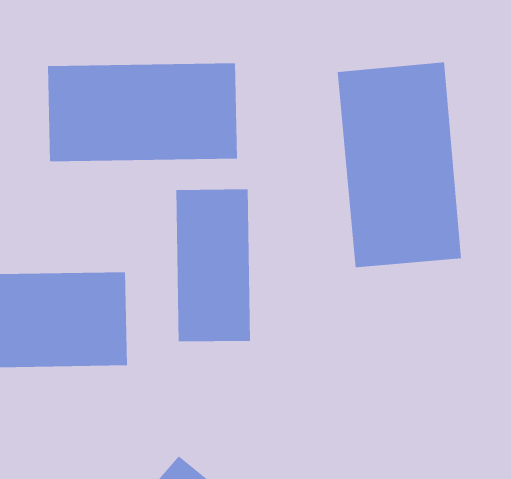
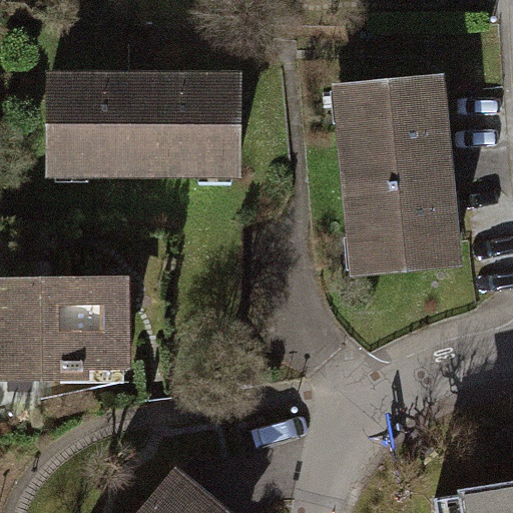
building: [176,189,251,342] -> none

